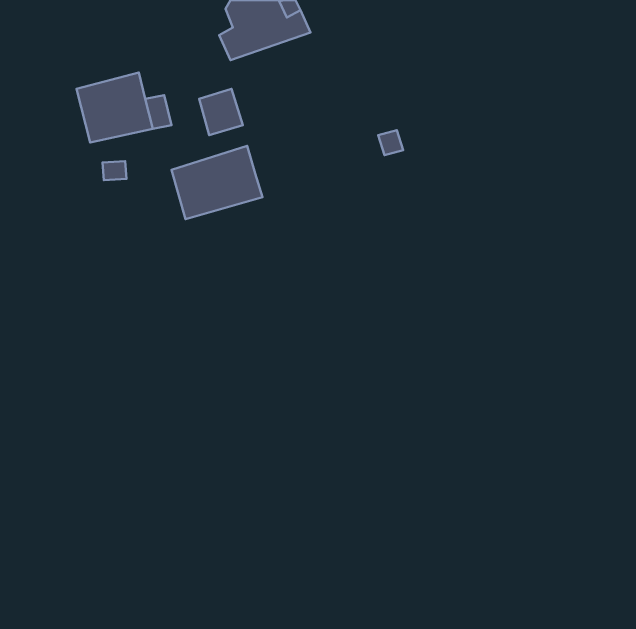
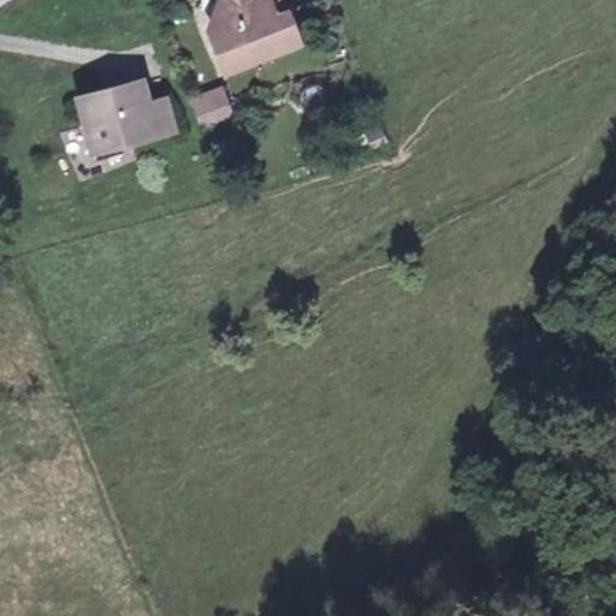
building: [172,146,263,219] -> none

